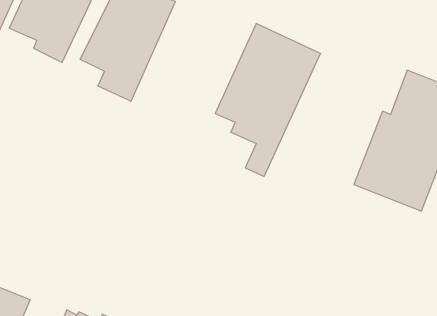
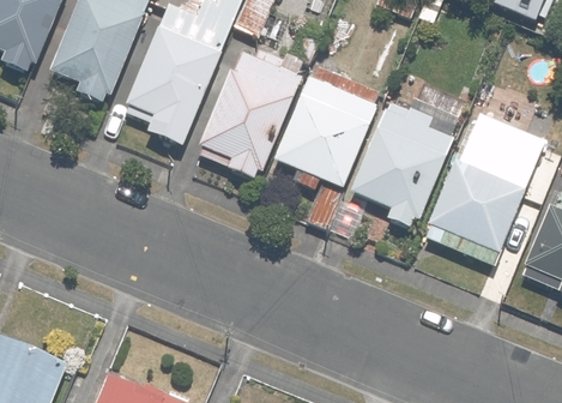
building: none -> [197,47,304,181]
building: none -> [349,98,452,230]

